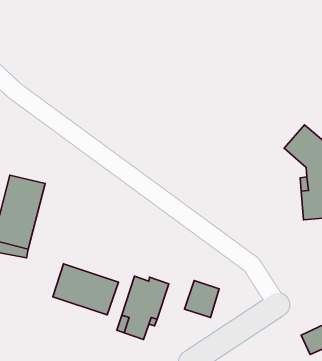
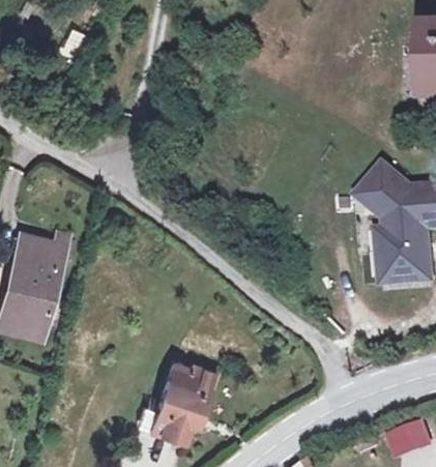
building: [53,264,118,315] -> none
building: [185,280,219,318] -> none

